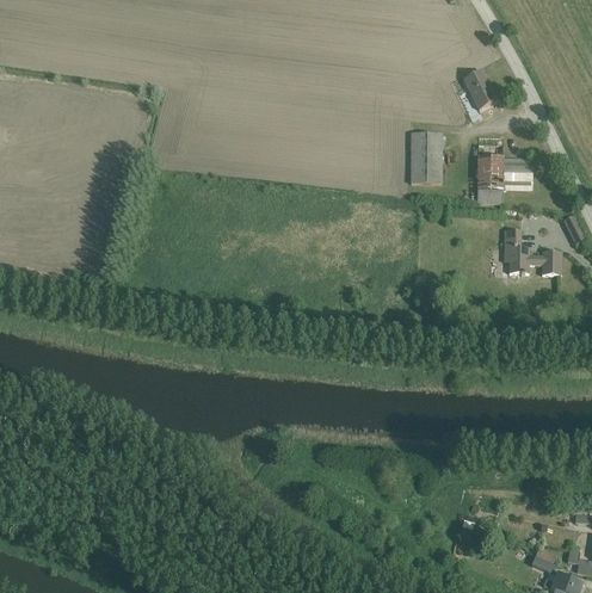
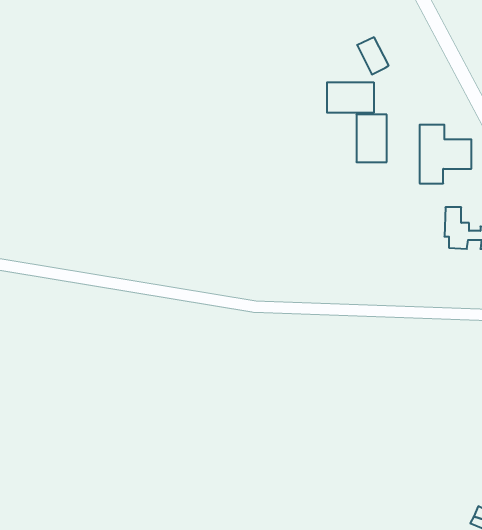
building: [462,70,495,110] -> [357,37,389,74]
building: none -> [327,82,374,113]

